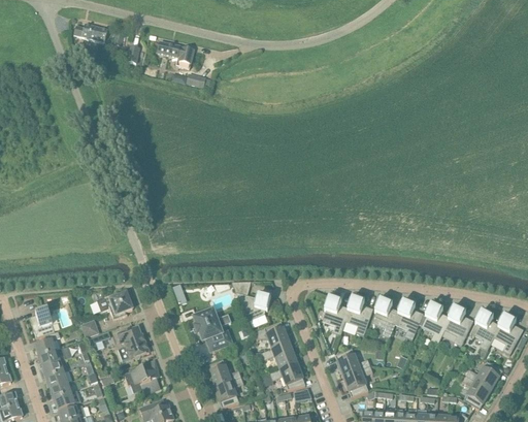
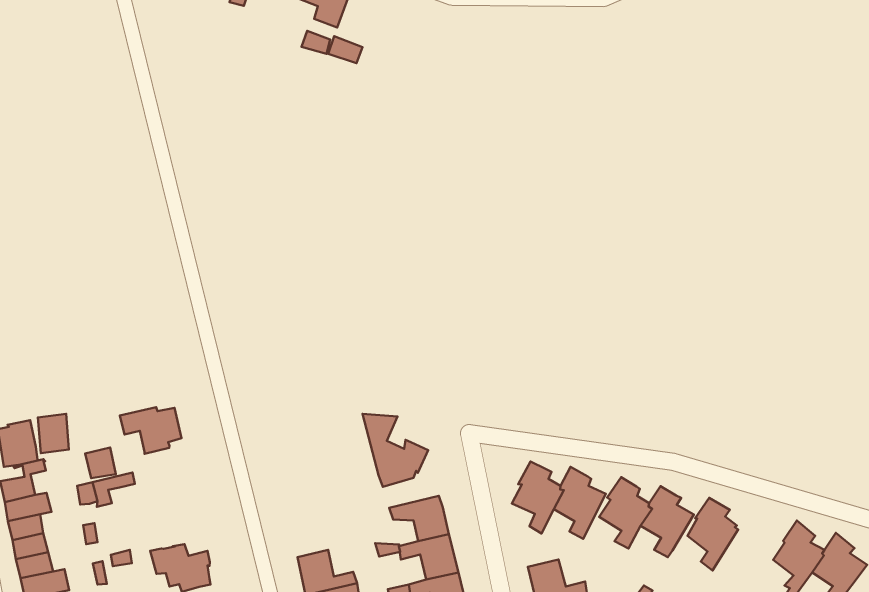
building: [444,304,473,345] -> none
building: [194,306,231,350] -> none
building: [117,324,150,358] -> none

